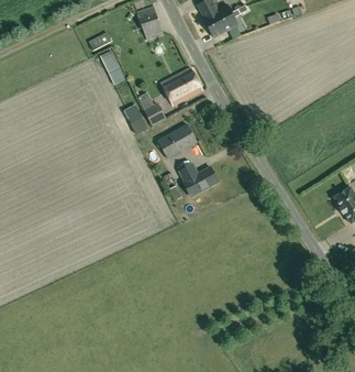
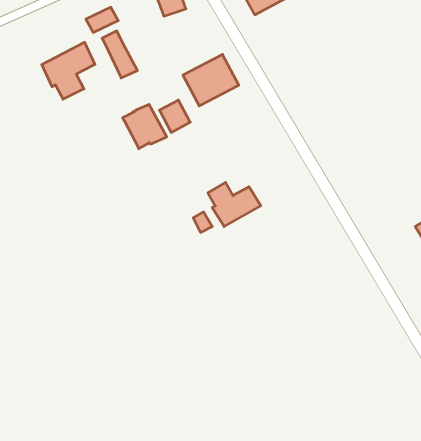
building: none -> [42,42,95,99]
building: [158,123,198,158] -> none

